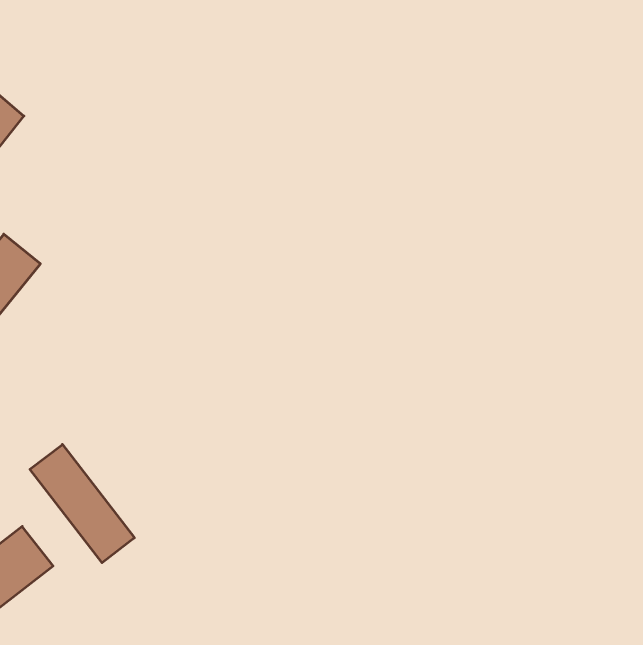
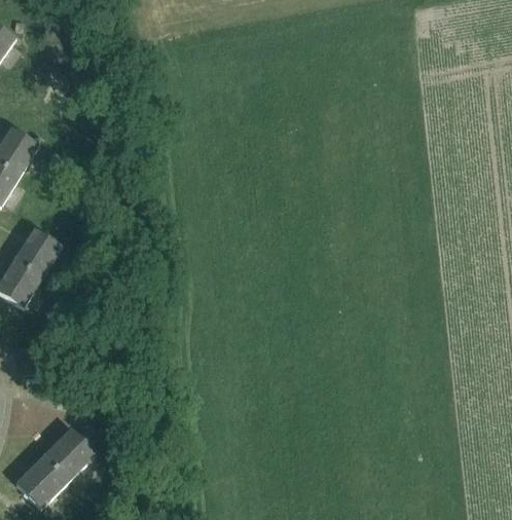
building: [30,444,134,563] -> none

